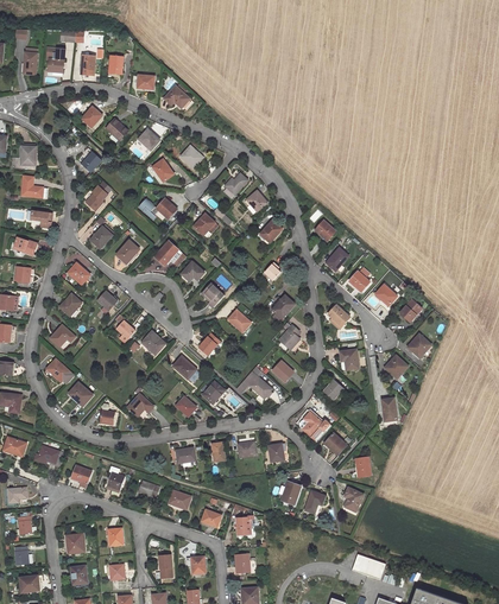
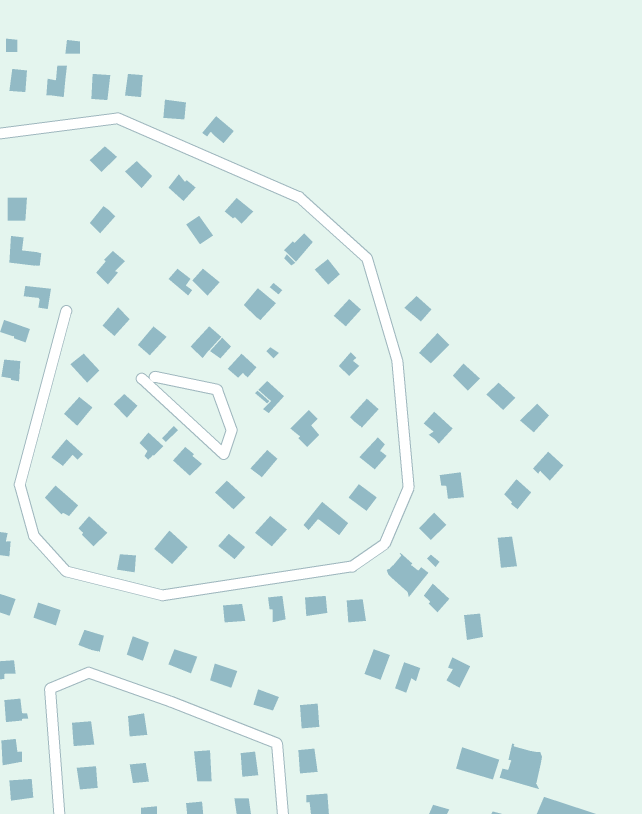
building: none -> [499,743,543,790]

